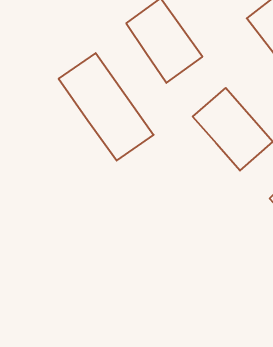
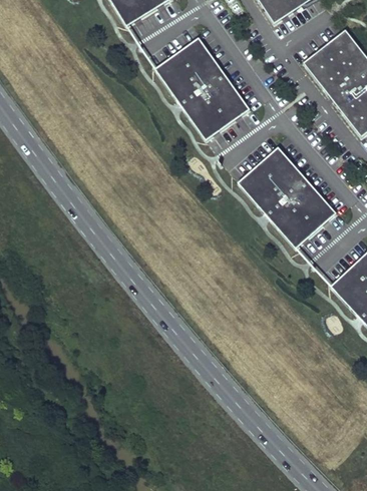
building: [59,53,154,161] -> none

